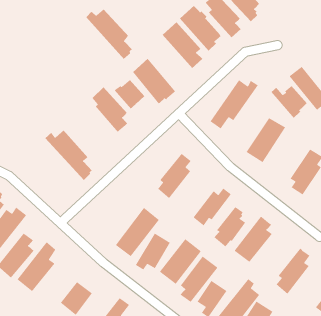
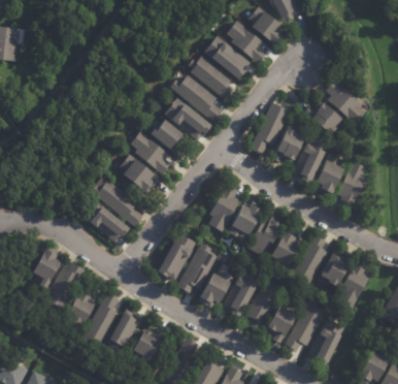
building: [85,9,133,60] -> [170,75,222,123]
building: none -> [272,129,301,165]
building: none -> [120,155,154,192]
building: none -> [316,156,342,198]
building: none -> [84,200,131,244]
building: none -> [226,202,257,241]
building: none -> [156,233,193,282]
building: none -> [322,252,355,286]
building: none -> [102,309,140,356]

